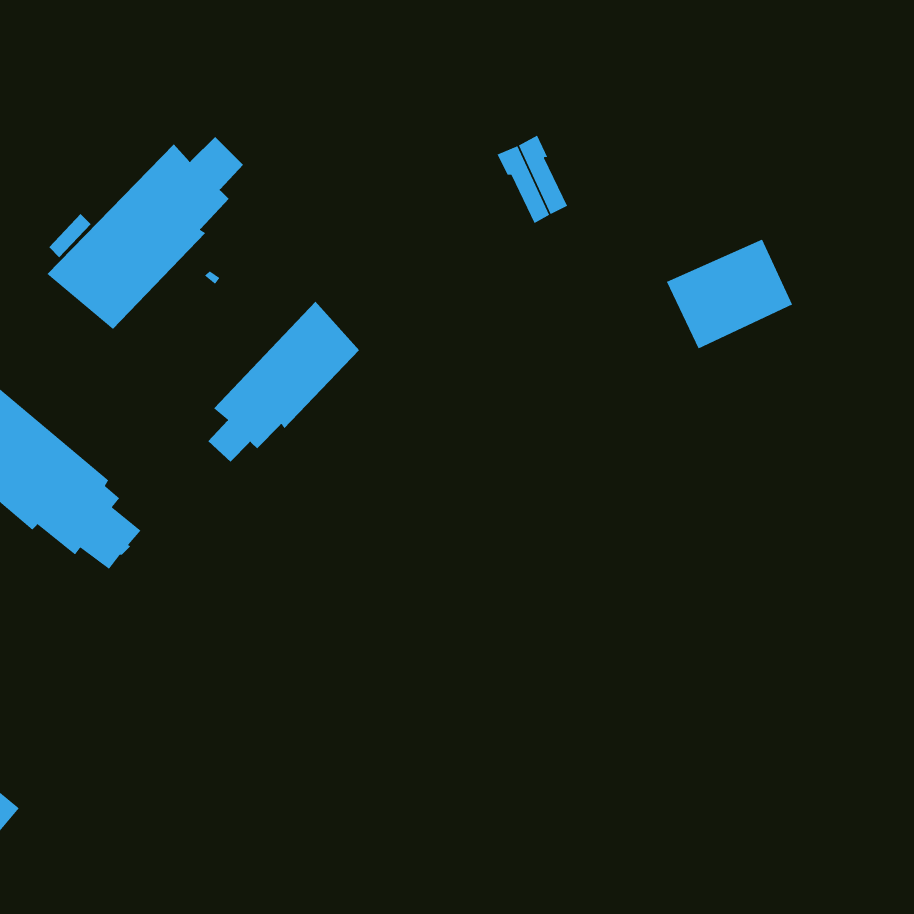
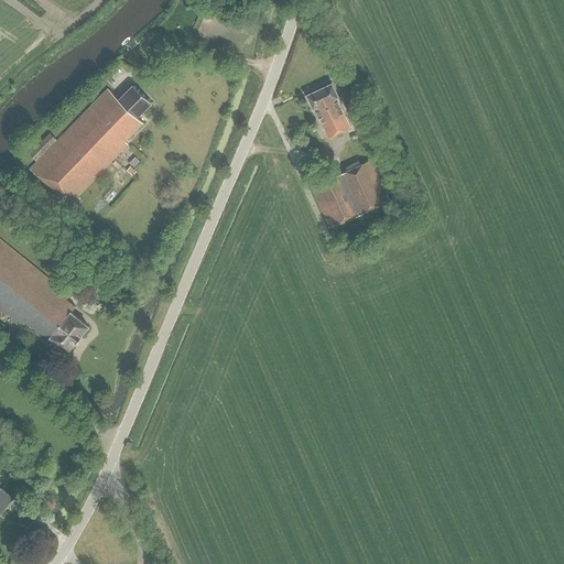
building: [666,238,793,350] -> [310,159,388,227]
building: [208,301,360,462] -> none

